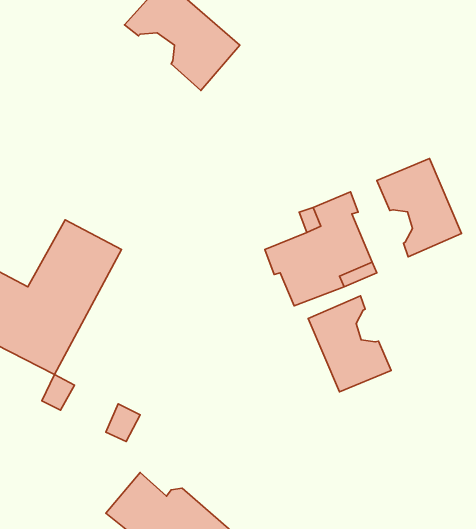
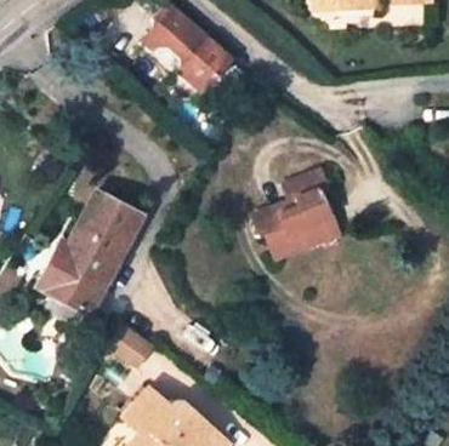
building: [377,159,462,257] -> none
building: [308,296,391,392] -> none

